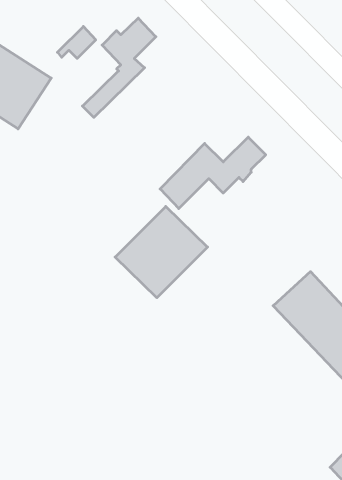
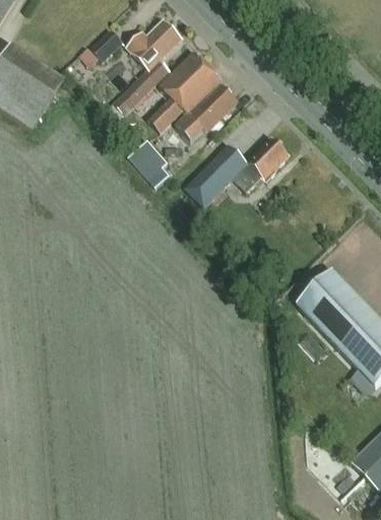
building: none -> [148,52,238,139]
building: none -> [128,138,169,186]
building: [115,206,208,298] -> none

